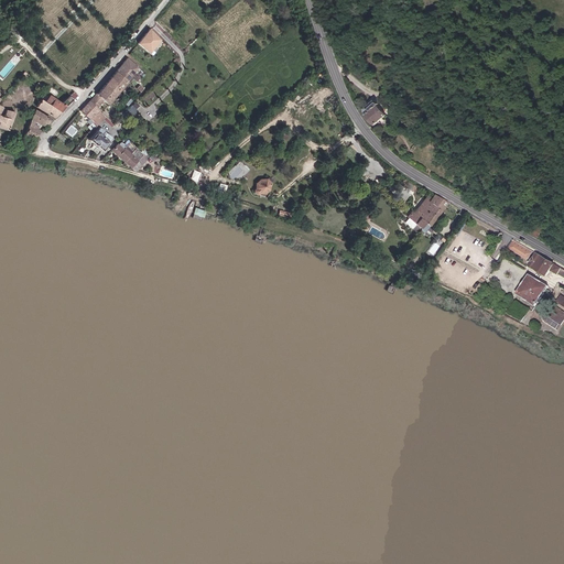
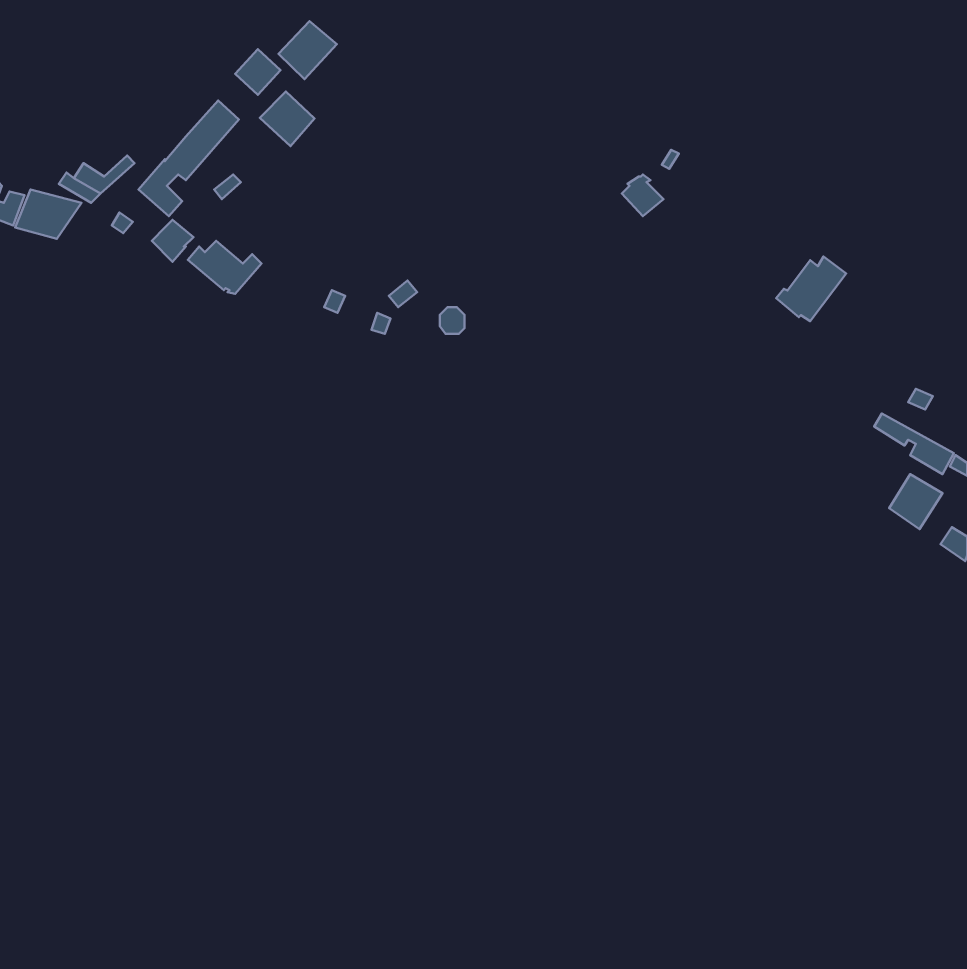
building: none -> [279,21,337,79]
building: none -> [260,91,314,146]
building: [406,194,447,231] -> [776,257,846,321]

